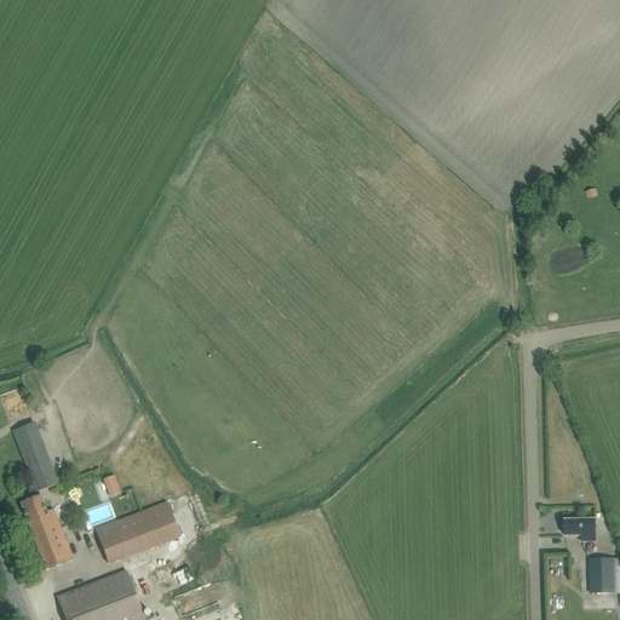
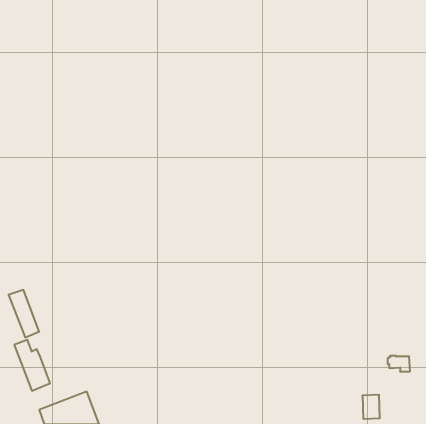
building: [94,500,180,563] -> none
building: [589,557,614,592] -> [362,395,380,419]

